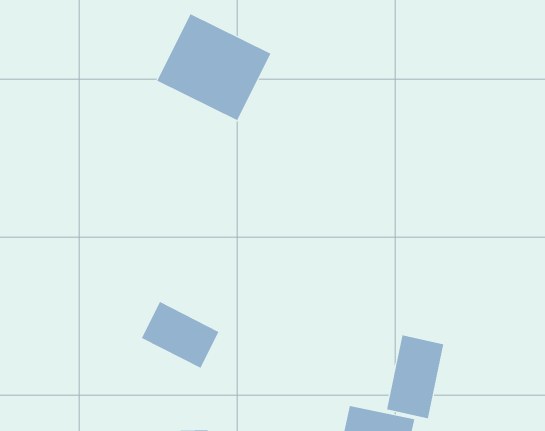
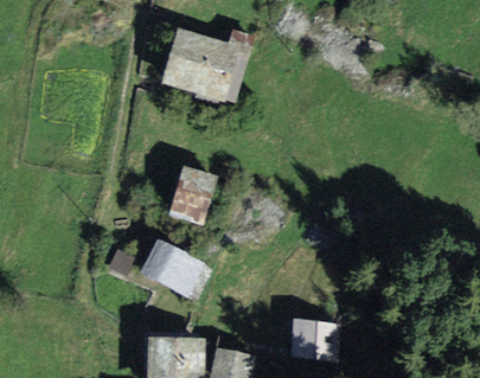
building: none -> [168,167,215,226]
building: [387,335,444,419] -> none

